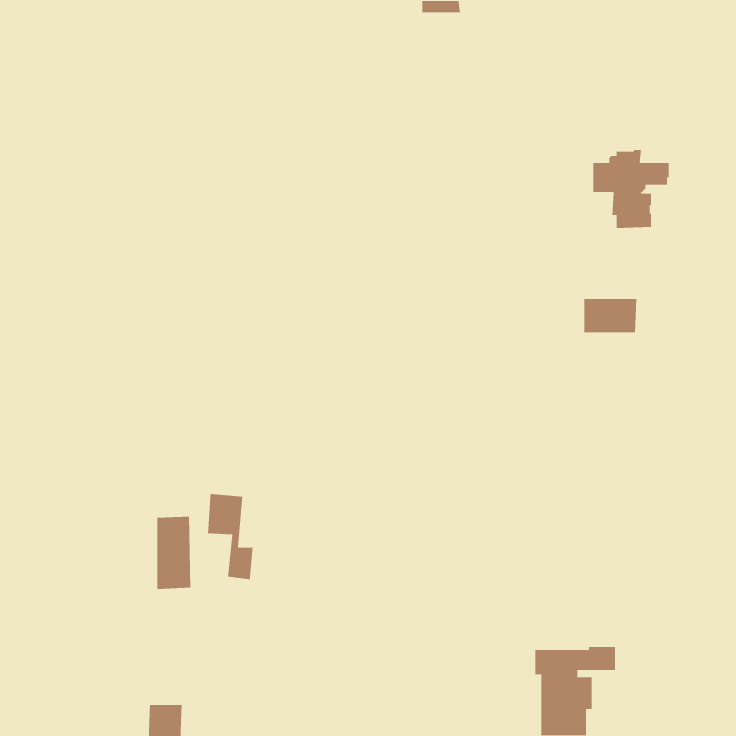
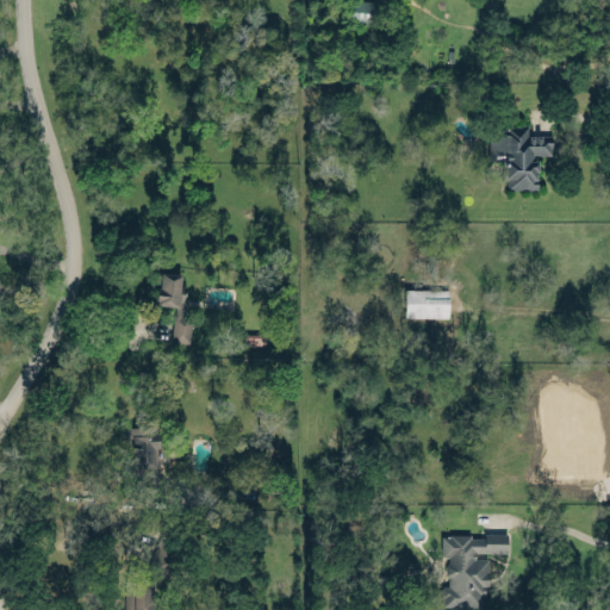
building: [584,298,637,333] -> [407,291,452,319]
building: [207,493,253,580] -> [156,274,194,346]

